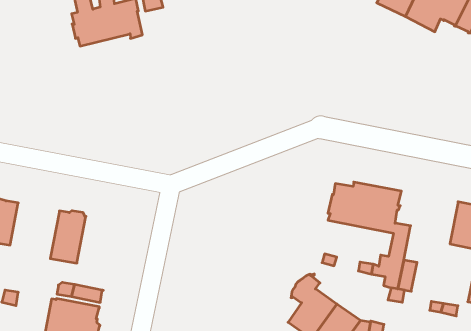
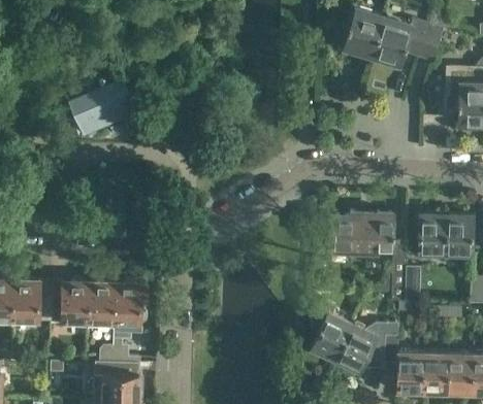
building: none -> [419,215,447,255]
building: none -> [50,280,89,328]
building: none -> [112,282,149,328]

